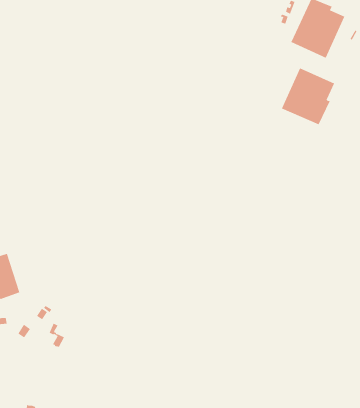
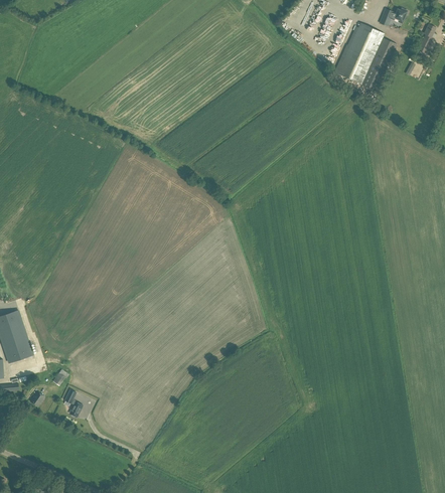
building: [281,67,335,125] -> none

